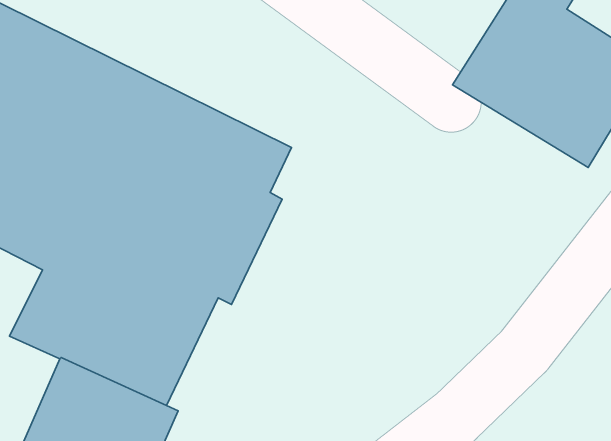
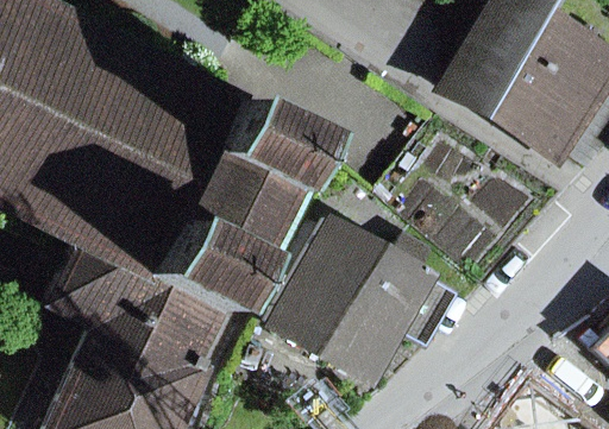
building: none -> [268,221,452,378]

